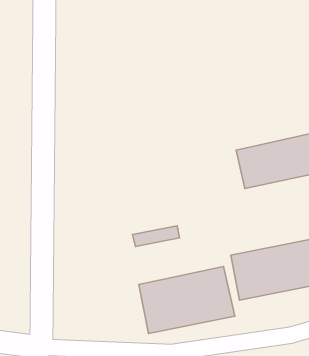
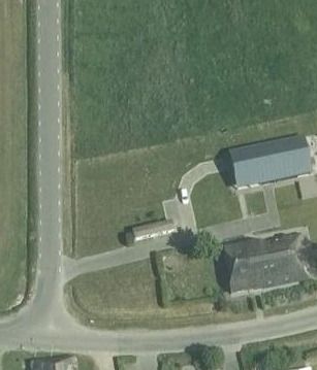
building: [139,266,235,333] -> none

